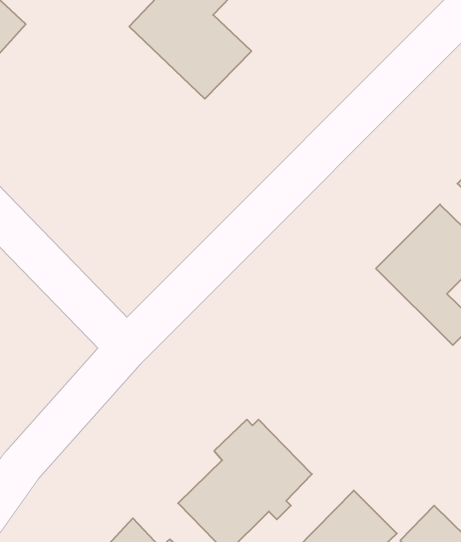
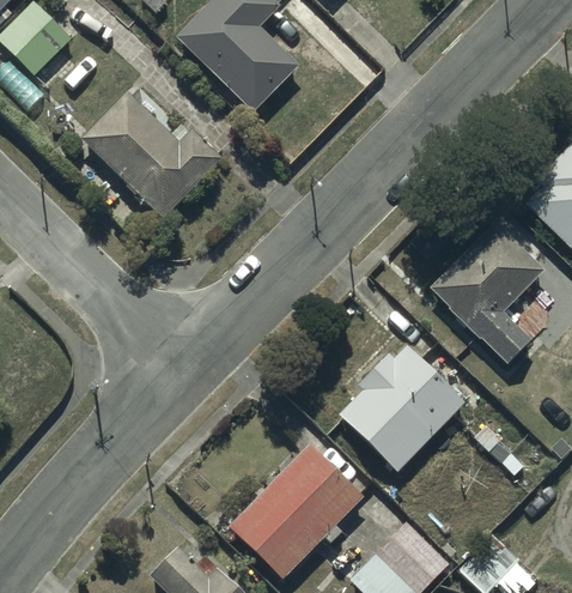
building: none -> [81,91,224,222]
building: none -> [336,344,465,473]

